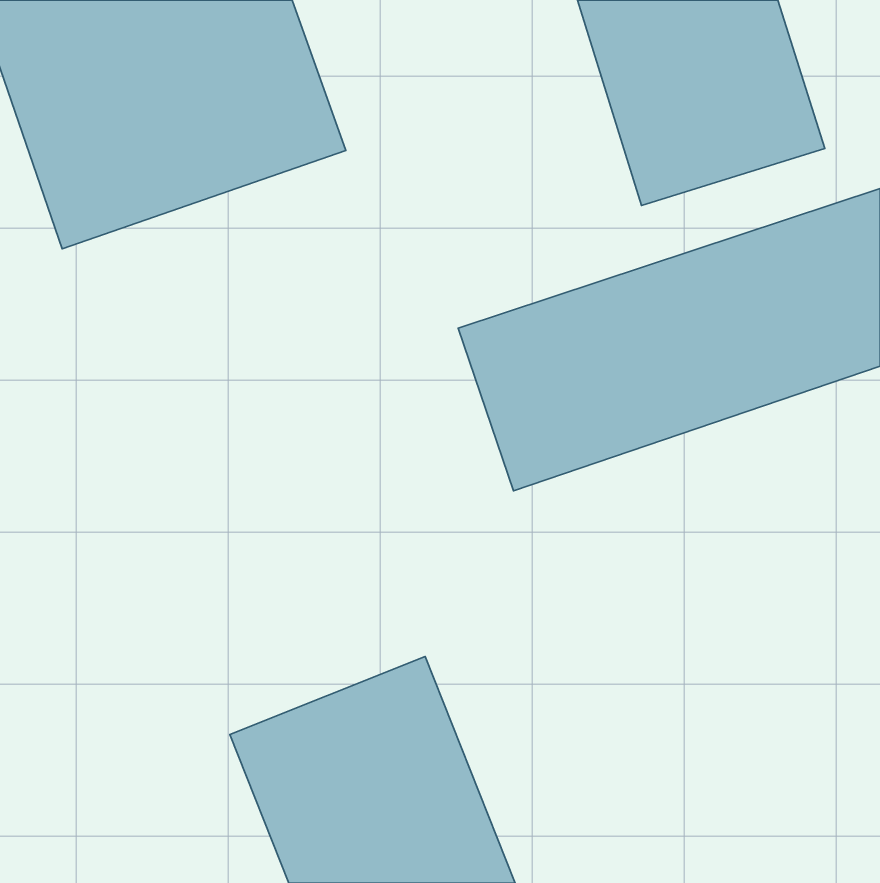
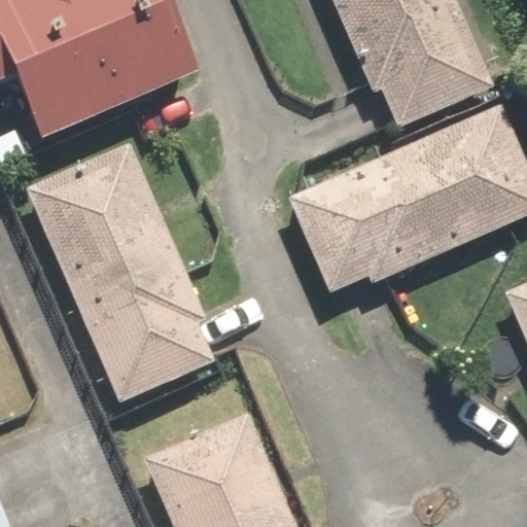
building: none -> [46,166,204,391]

